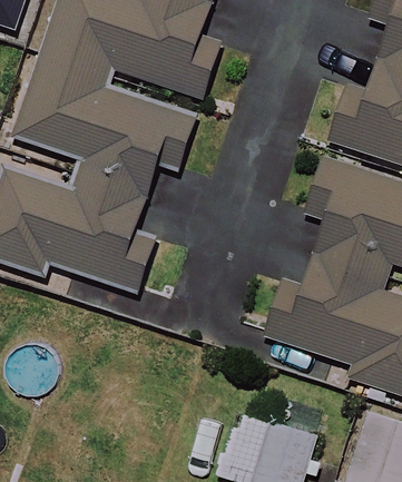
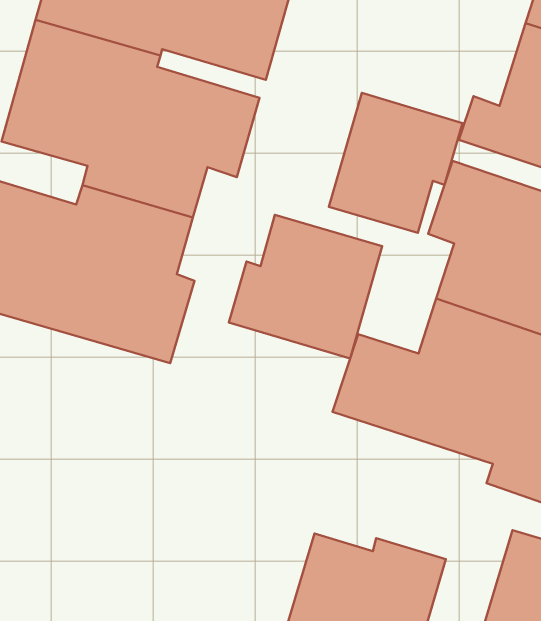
building: none -> [329,93,462,233]
building: none -> [229,215,382,358]

